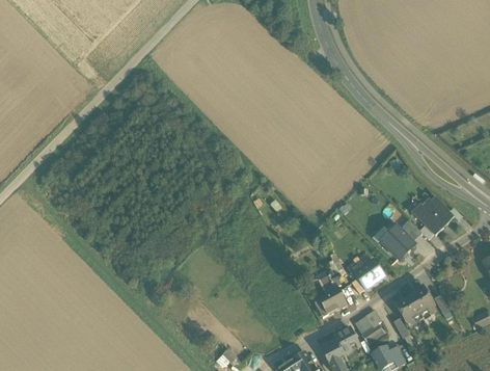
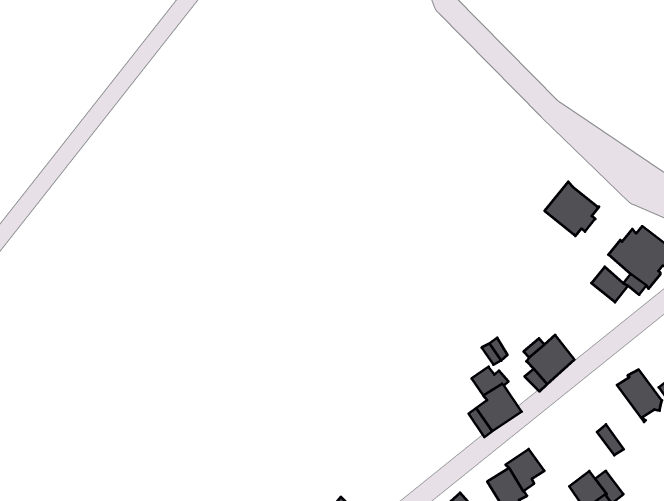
building: [380,224,414,259] -> [545,182,599,236]
building: [394,294,424,325] -> none
building: [355,310,385,344] -> none

